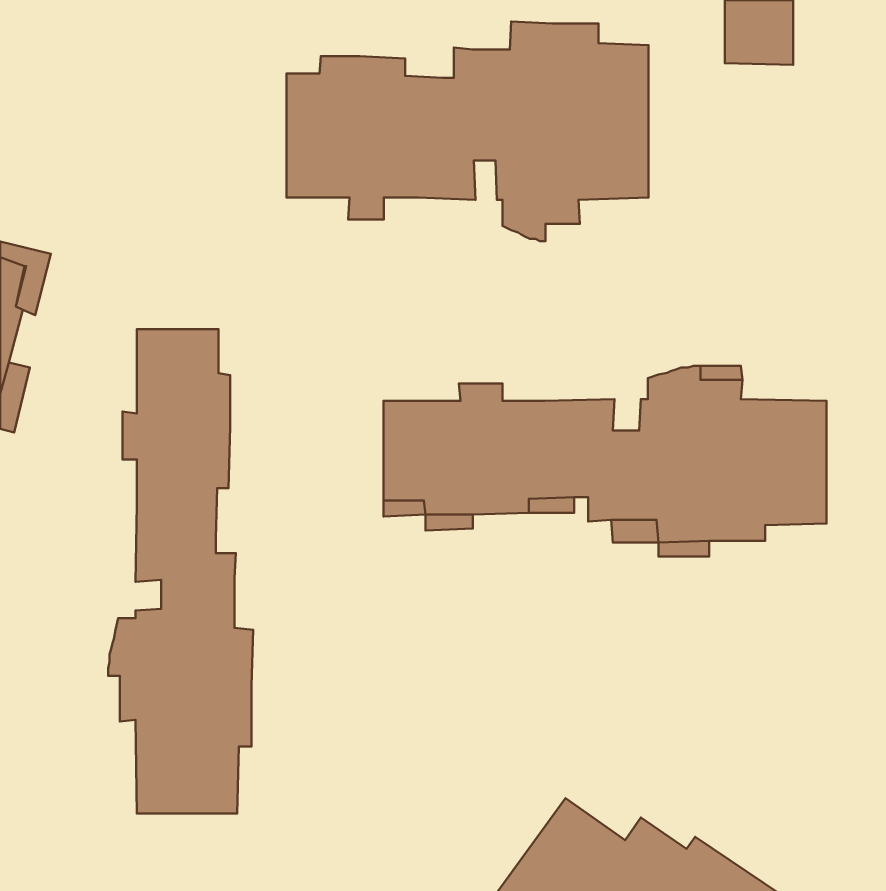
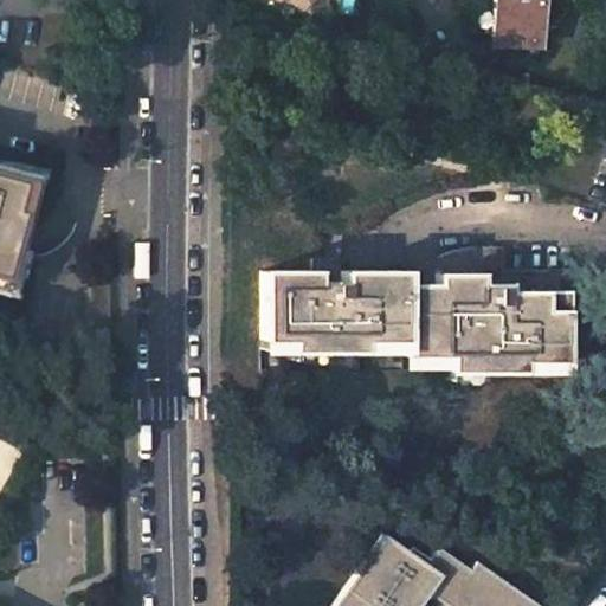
building: [286,21,648,241] -> none
building: [108,329,253,814] -> none

